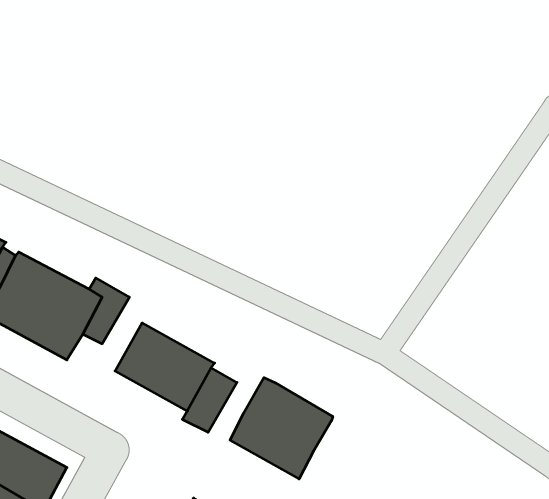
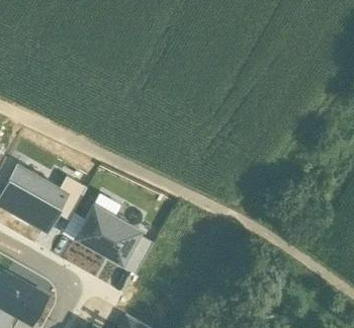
building: [230,378,333,479] -> none

